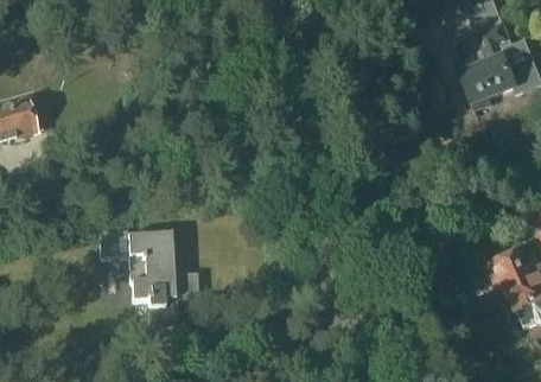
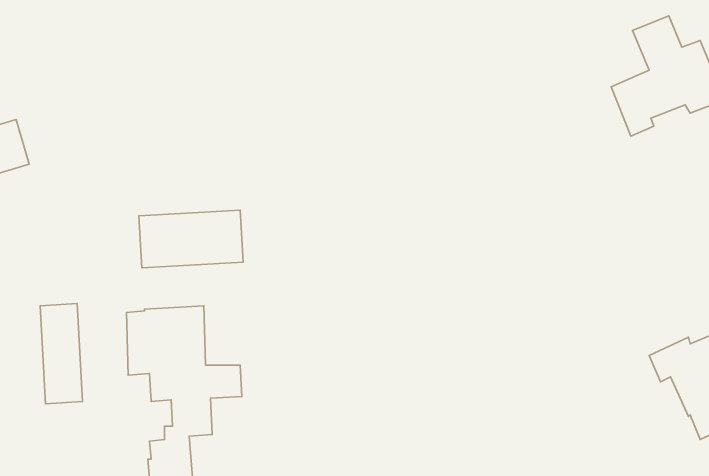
building: none -> [139,210,243,268]
building: none -> [40,304,82,404]

